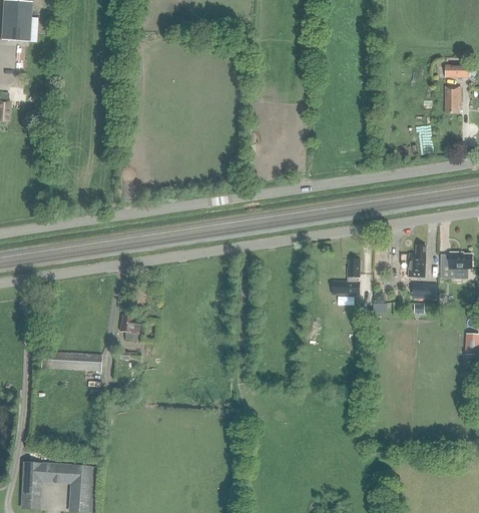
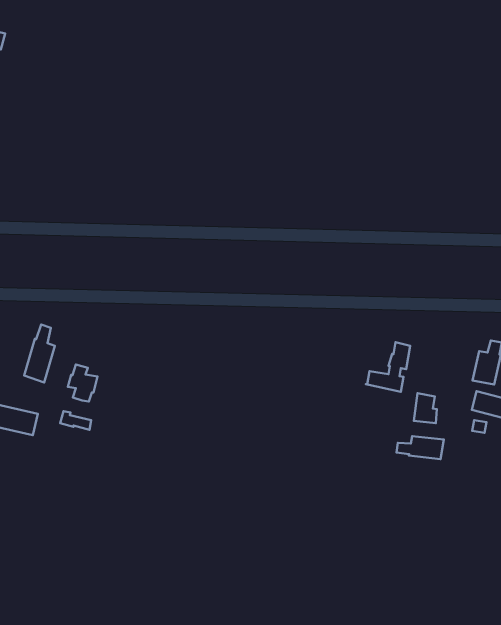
building: none -> [24,324,55,383]
building: none -> [396,436,444,459]

